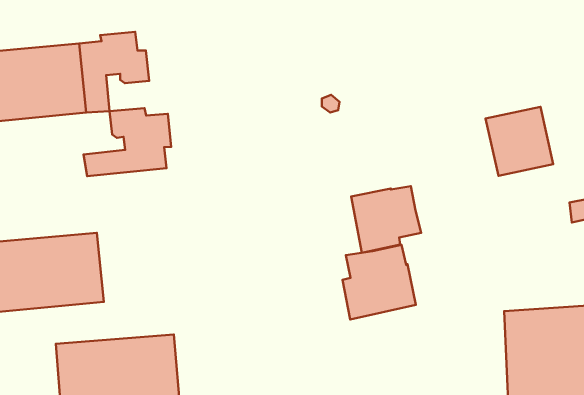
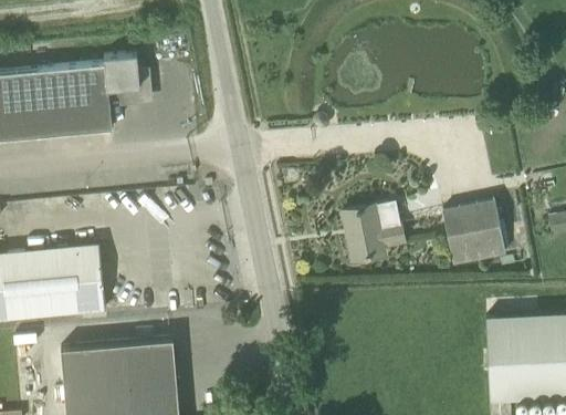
building: [486,107,553,176] -> [442,199,506,264]
building: [84,108,171,176] -> none
building: [342,245,416,319] -> none

